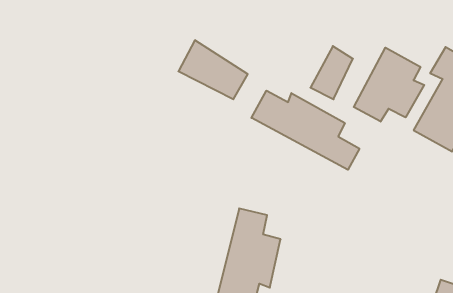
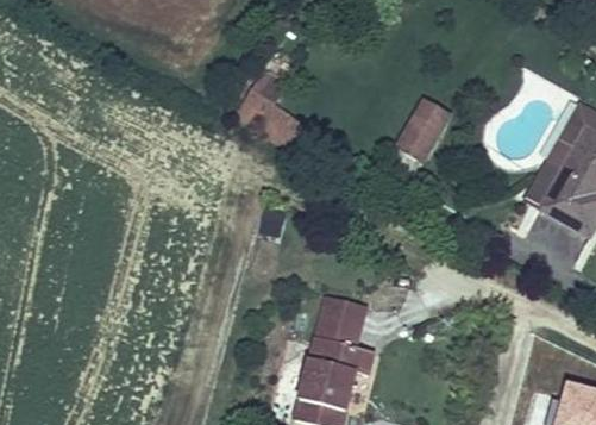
building: [354,48,424,122] -> none
building: [251,91,359,170] -> none

